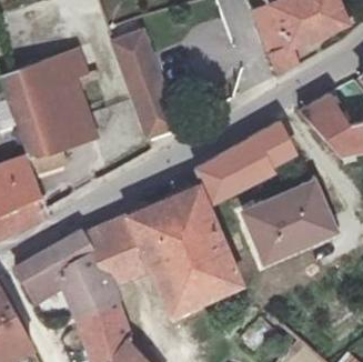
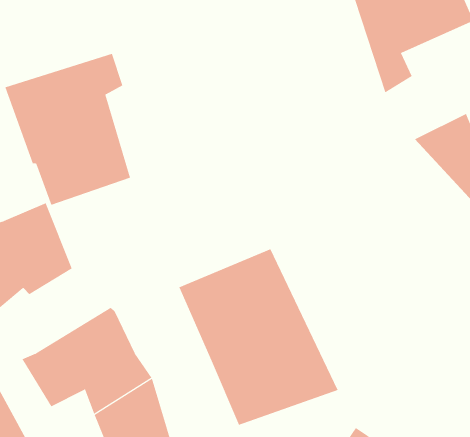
building: [108,26,175,137] -> none
building: [194,120,296,203] -> none
building: [244,183,334,262] -> none
building: [84,217,153,282] -> none

